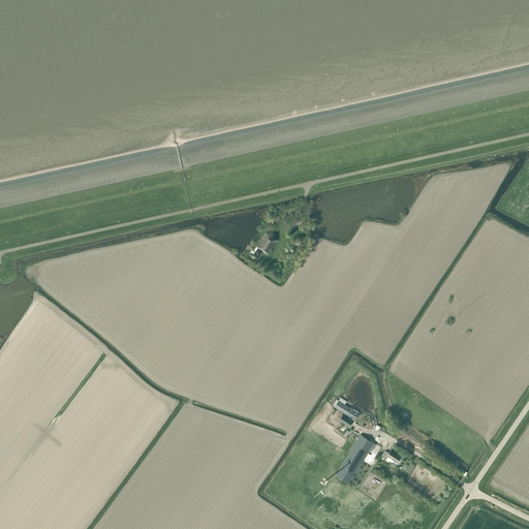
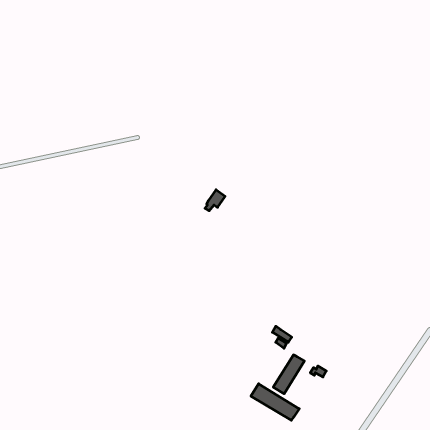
building: none -> [251,384,299,420]

